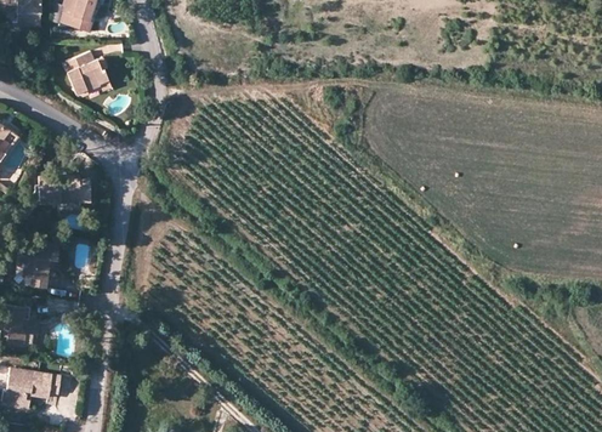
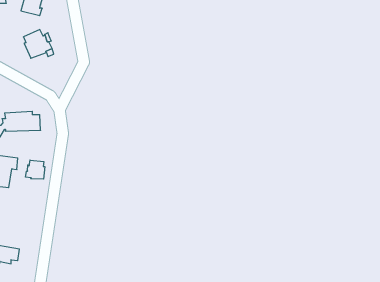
building: none -> [26,160,45,179]

